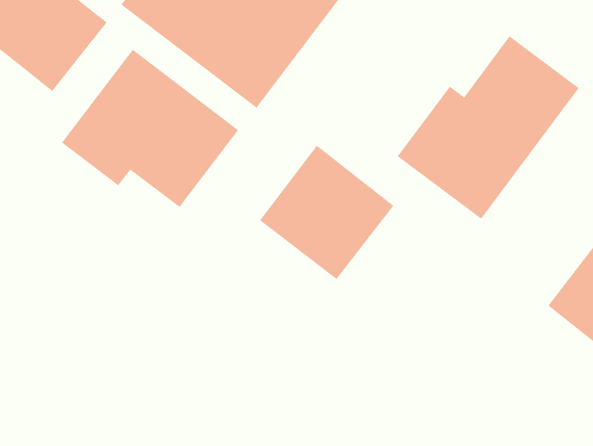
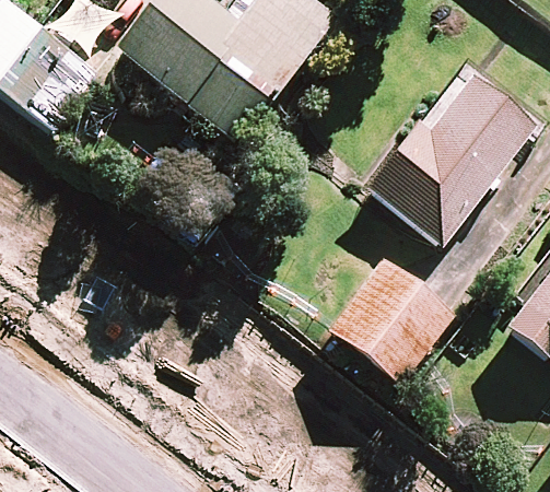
building: [61,49,239,208] -> none
building: [259,145,394,280] -> [331,257,455,380]

